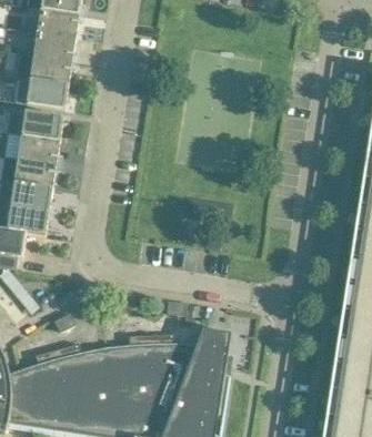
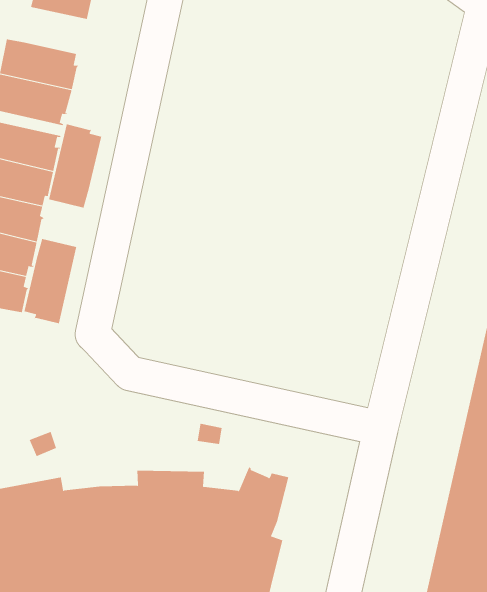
building: [33,32,76,61] -> none
building: none -> [48,124,102,209]
building: none -> [24,238,77,324]

